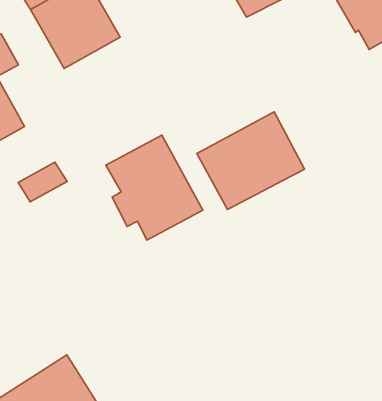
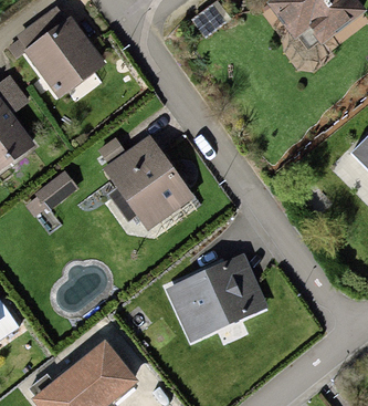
building: [197,112,304,210] -> none
building: none -> [166,250,266,336]

